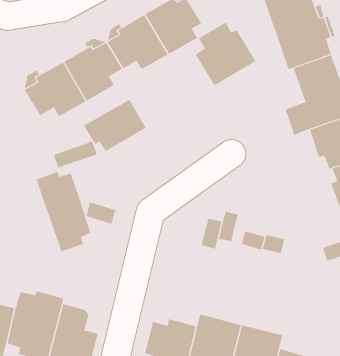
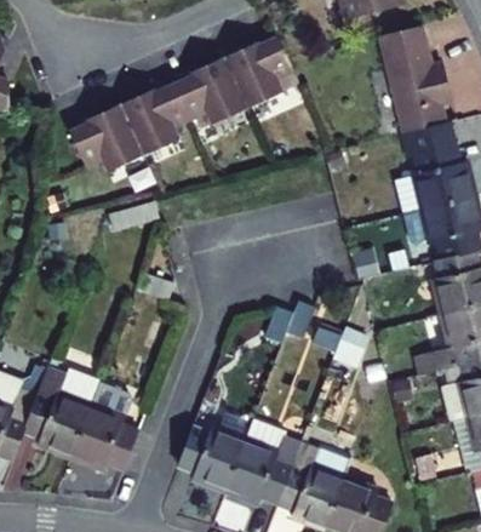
building: [195,22,256,86] -> none
building: [83,99,147,152] -> none
building: [36,171,91,252] -> none

